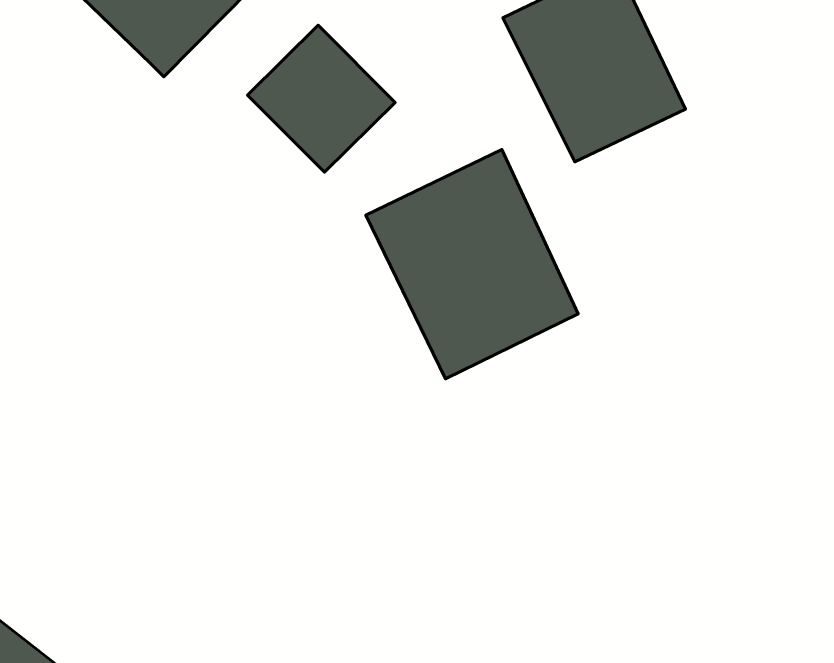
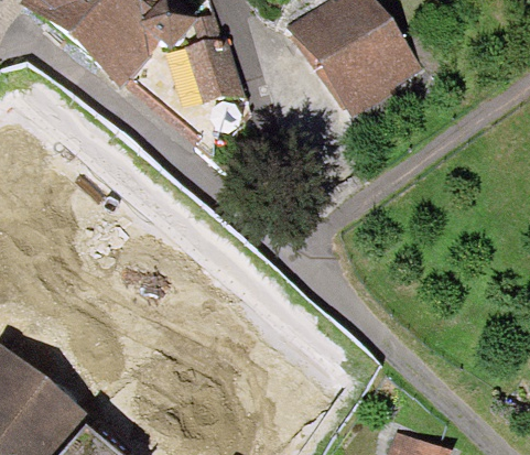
building: [366,150,578,379] -> none

